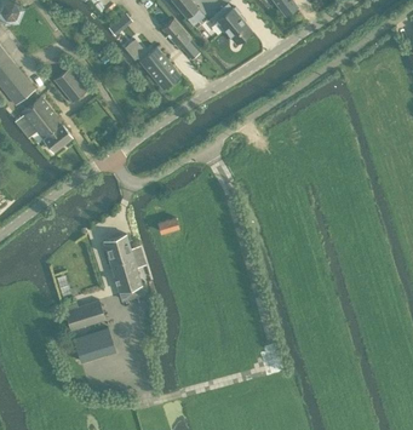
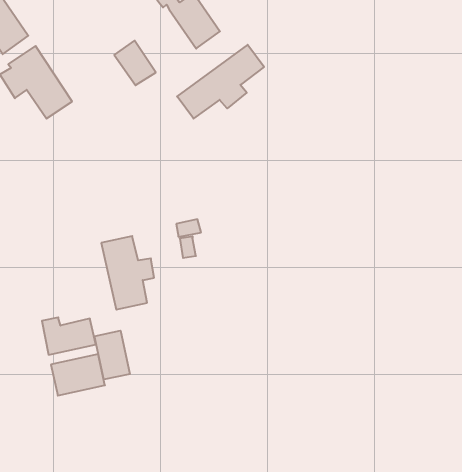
building: [53,68,86,102] -> [114,41,156,85]
building: none -> [177,45,264,119]
building: none -> [94,331,130,380]

